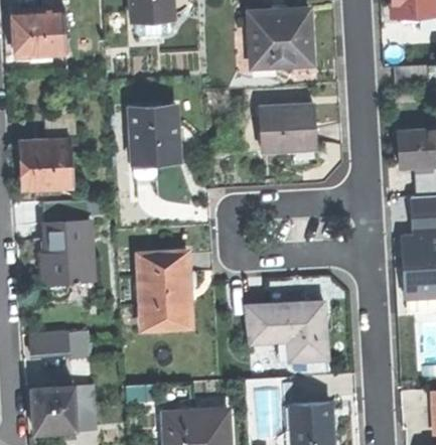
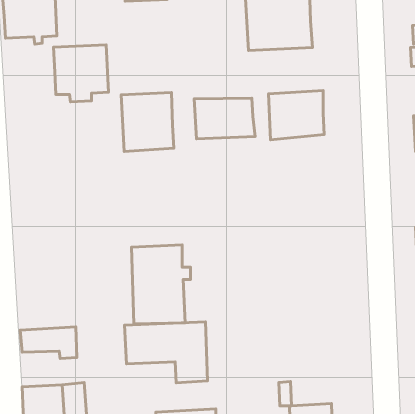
building: none -> [194,98,255,139]
building: [20,142,72,196] -> [54,45,108,102]
building: [42,221,90,282] -> none
building: [245,304,324,362] -> [125,322,208,383]

